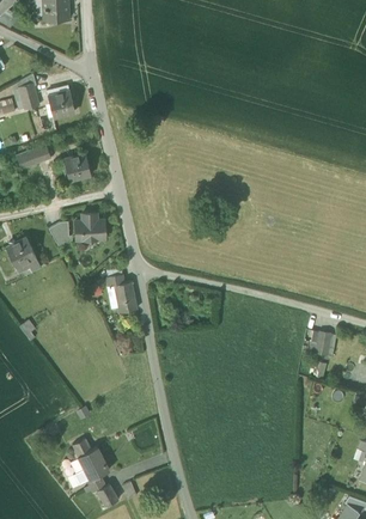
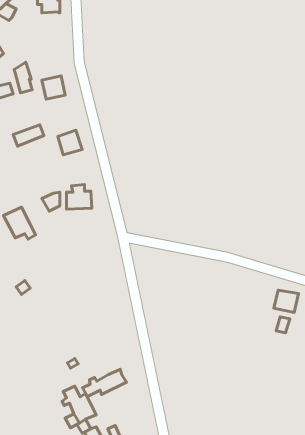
building: [105,274,136,312] -> none
building: none -> [83,369,127,396]

